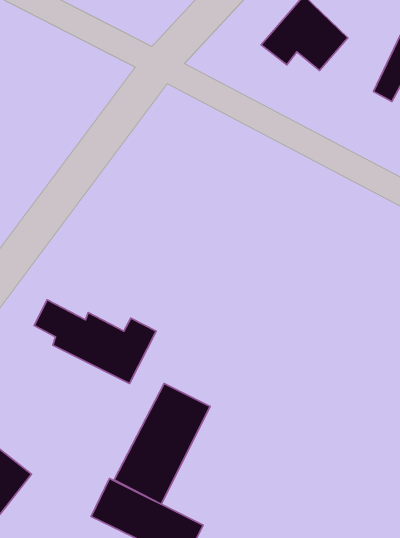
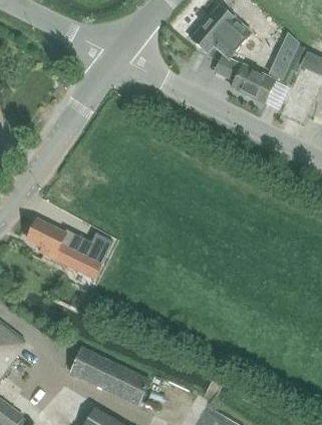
building: none -> [215,55,276,104]
building: [114,384,210,504] -> none

